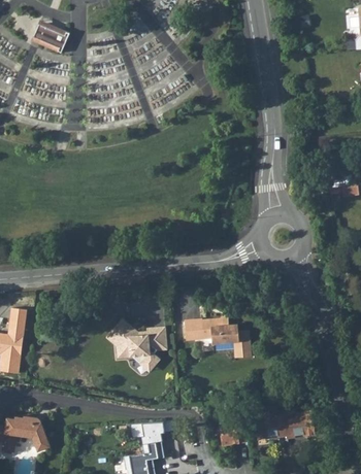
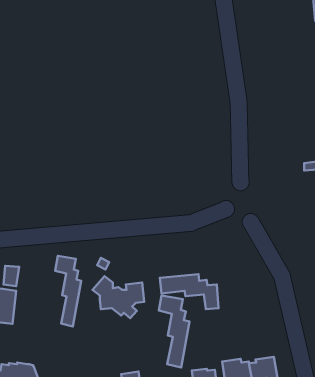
building: [33,22,69,52] -> none
building: none -> [55,256,81,326]
building: none -> [159,295,190,367]

